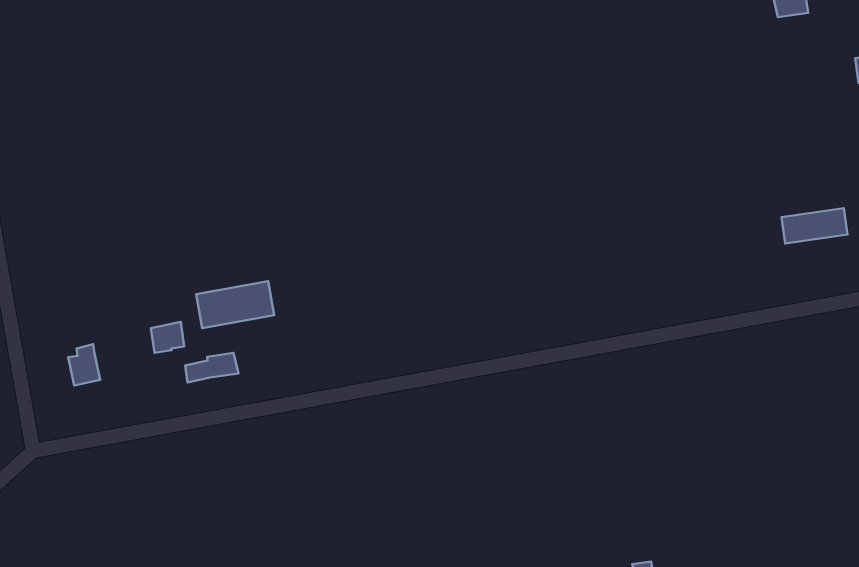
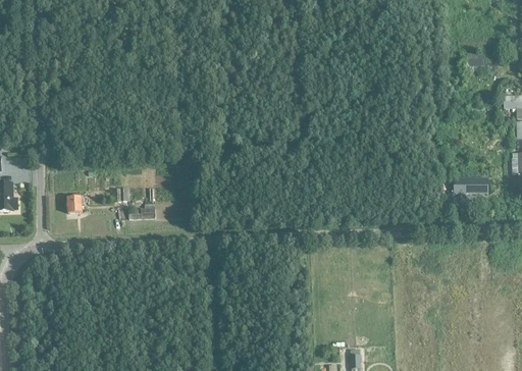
building: [196,281,274,328] -> none

